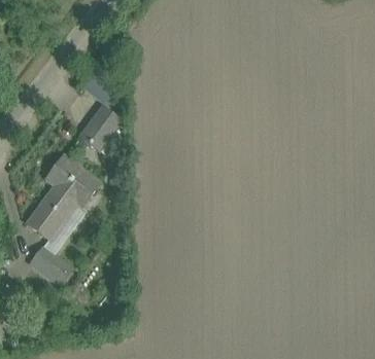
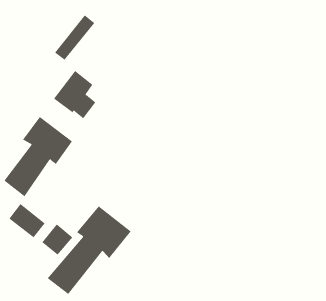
building: none -> [47,206,131,295]
building: none -> [42,223,73,255]

